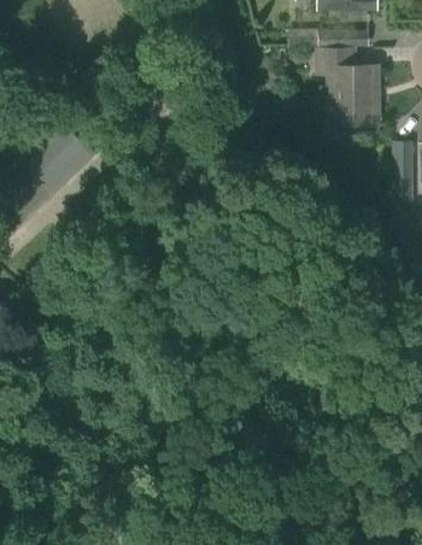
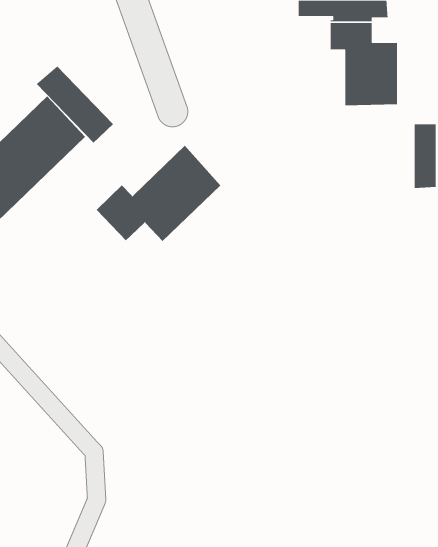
building: none -> [36,66,114,144]
building: none -> [96,145,221,242]

